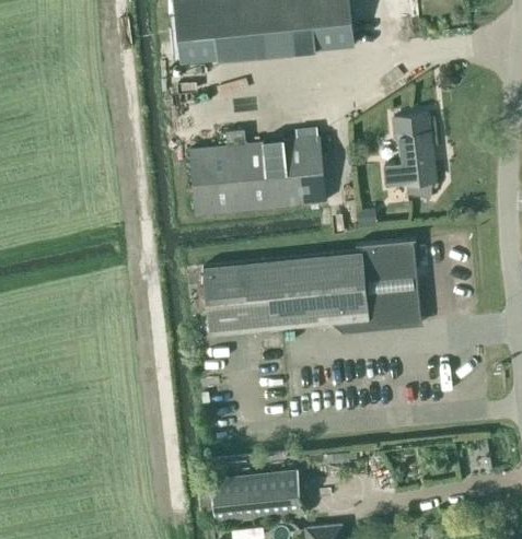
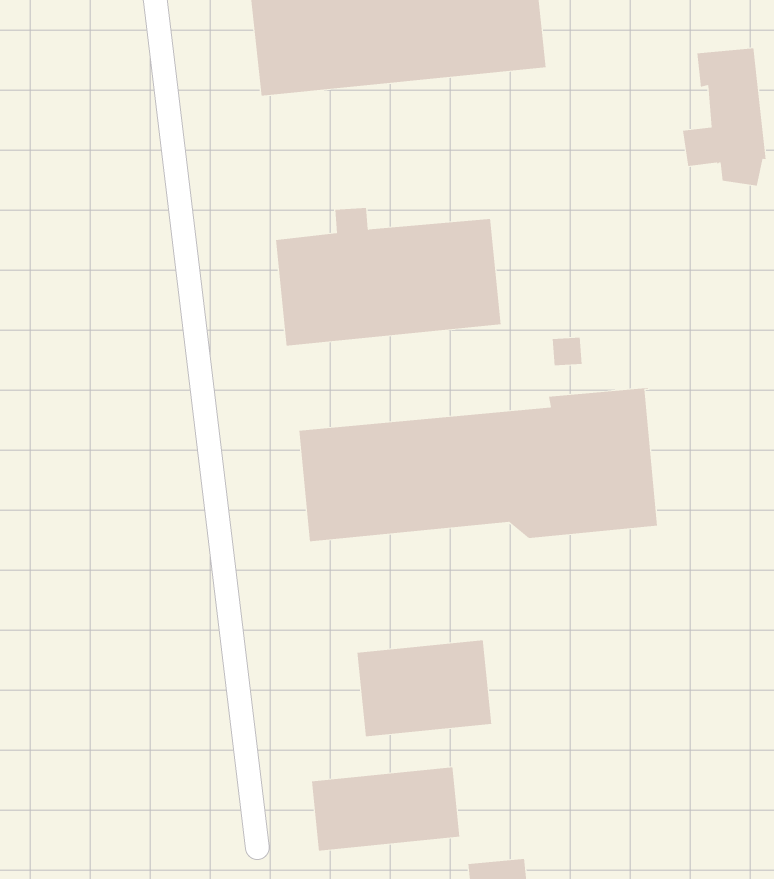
building: [383,114,434,198] -> [682,48,767,186]
building: none -> [357,639,492,737]

